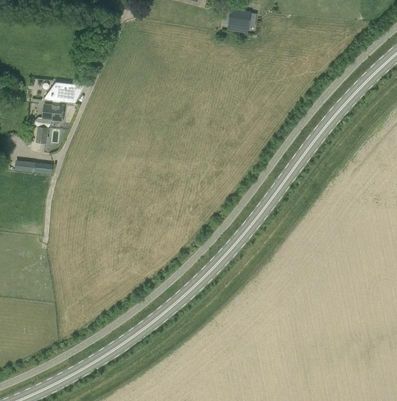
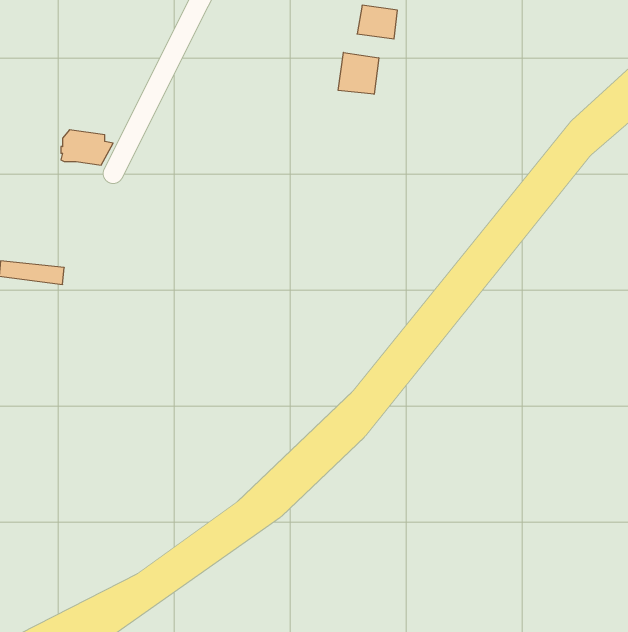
building: none -> [338,52,379,94]
building: [34,101,63,143] -> none

